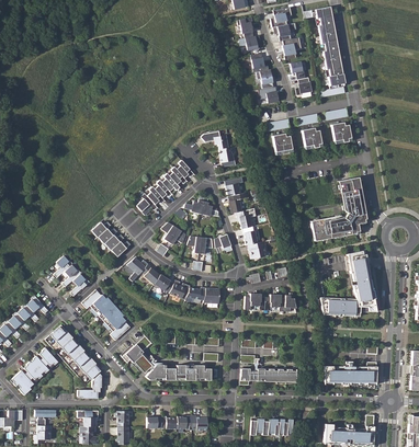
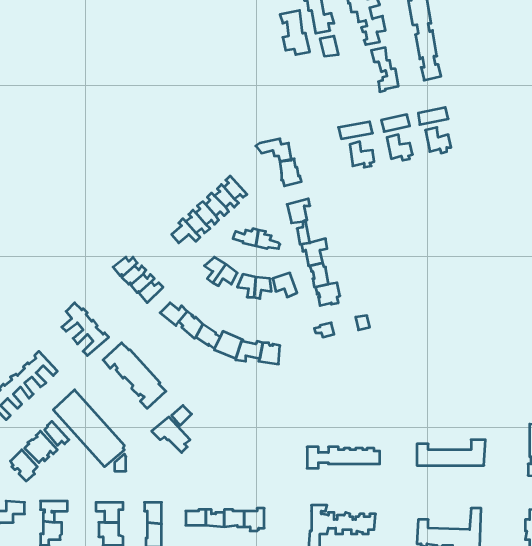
building: [256,69,279,103] -> [280,10,310,55]
building: [312,177,366,239] -> none
building: [320,250,376,317] -> none
building: [245,294,296,312] -> none
building: [145,365,211,380] -> none

